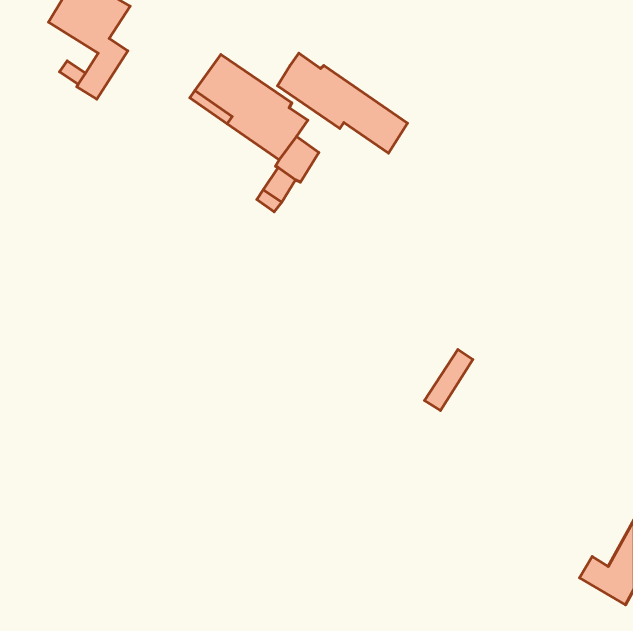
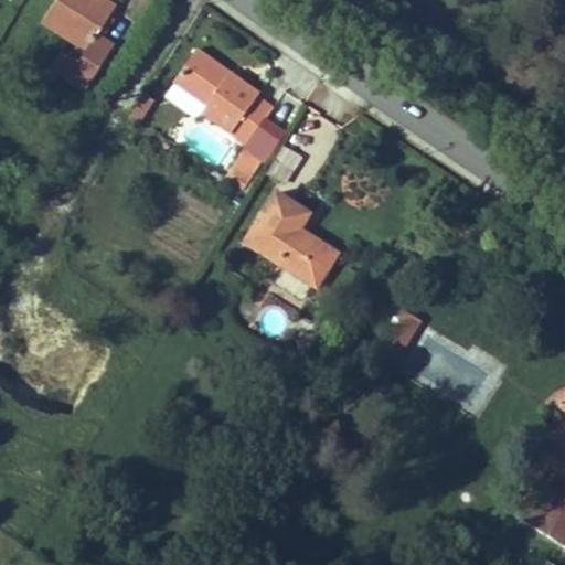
building: [278,53,408,153] -> none
building: none -> [246,191,339,285]

